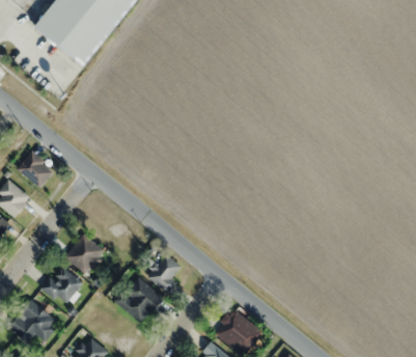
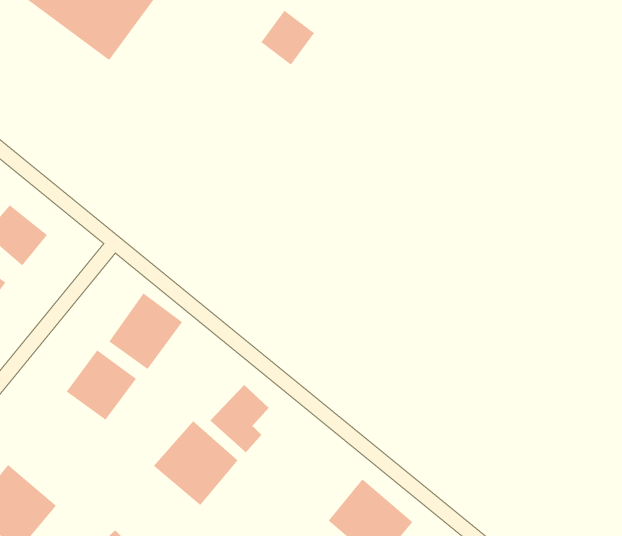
building: none -> [260,10,315,65]
building: none -> [108,292,183,370]
building: [40,265,82,307] -> none

